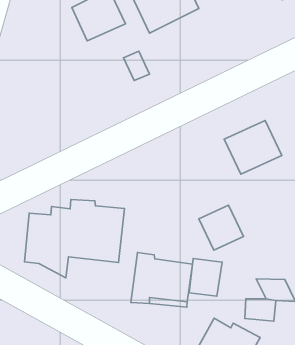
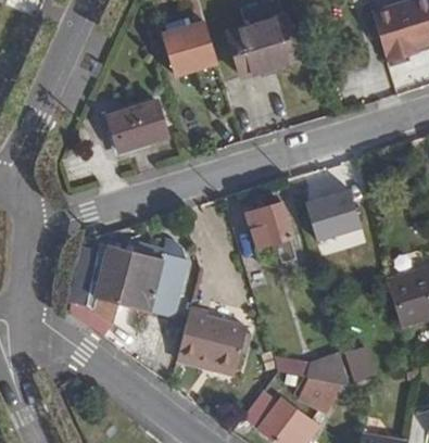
building: none -> [108,100,168,152]
building: [199,205,243,250] -> [245,200,290,245]
building: [189,258,222,296] -> none

